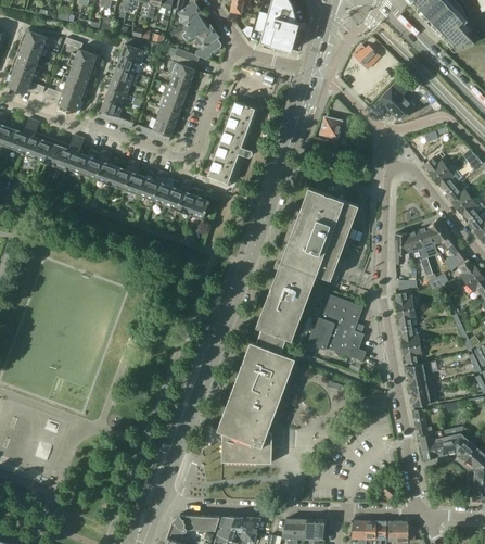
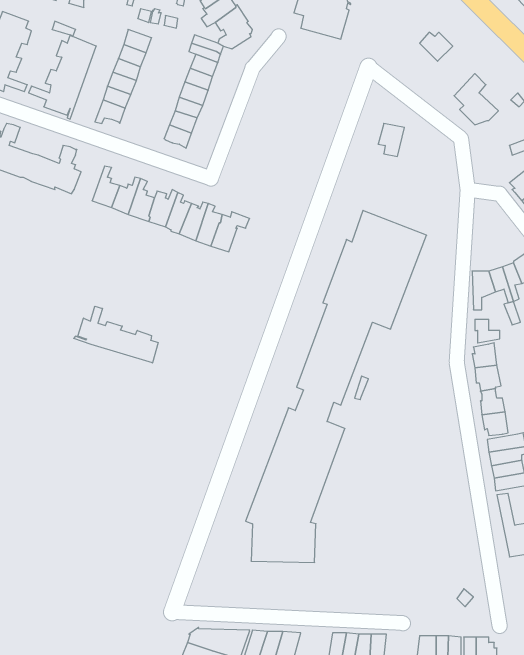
building: [210,102,255,187] -> none
building: [80,150,106,179] -> none
building: none -> [74,306,158,363]
building: [308,293,367,363] -> none

